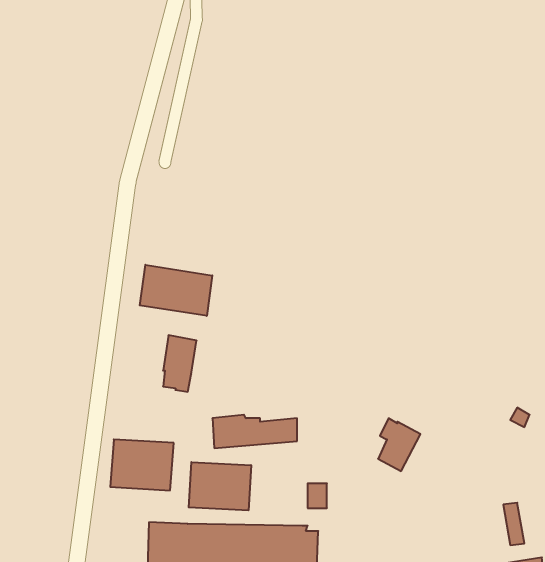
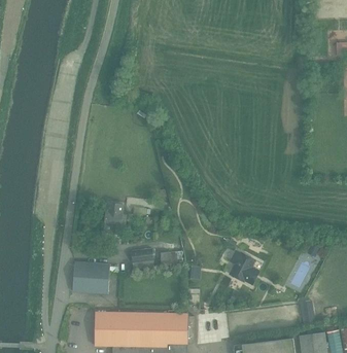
building: [140,265,212,316] -> none
building: [189,462,251,510] -> none

